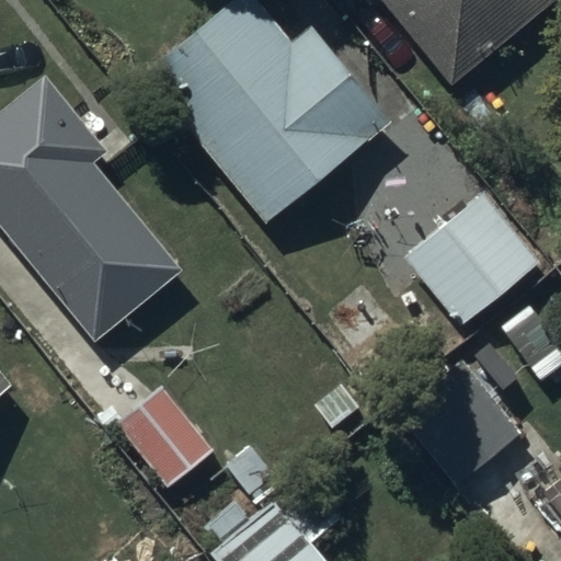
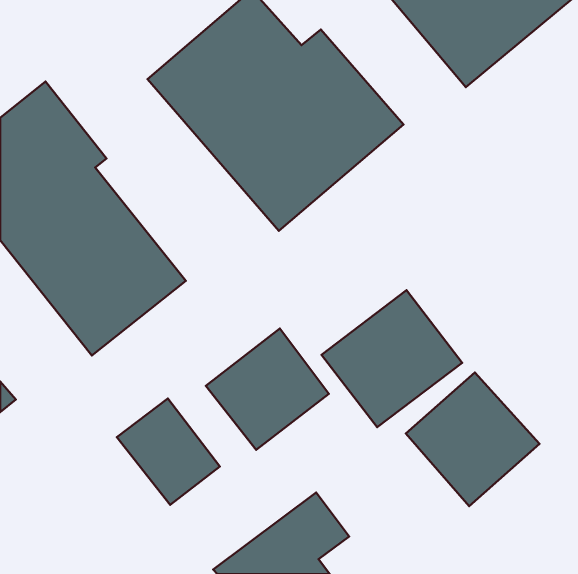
building: [403,194,539,327] -> [322,290,462,427]
building: none -> [206,329,329,450]

